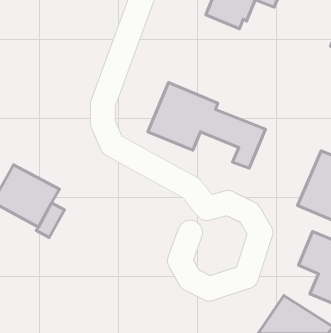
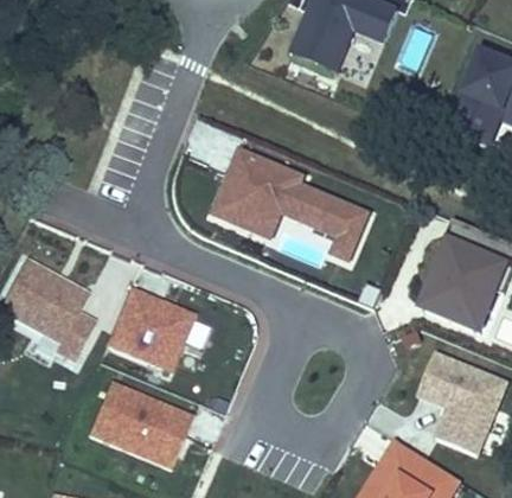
building: none -> [103,285,194,371]
building: none -> [87,382,192,468]

